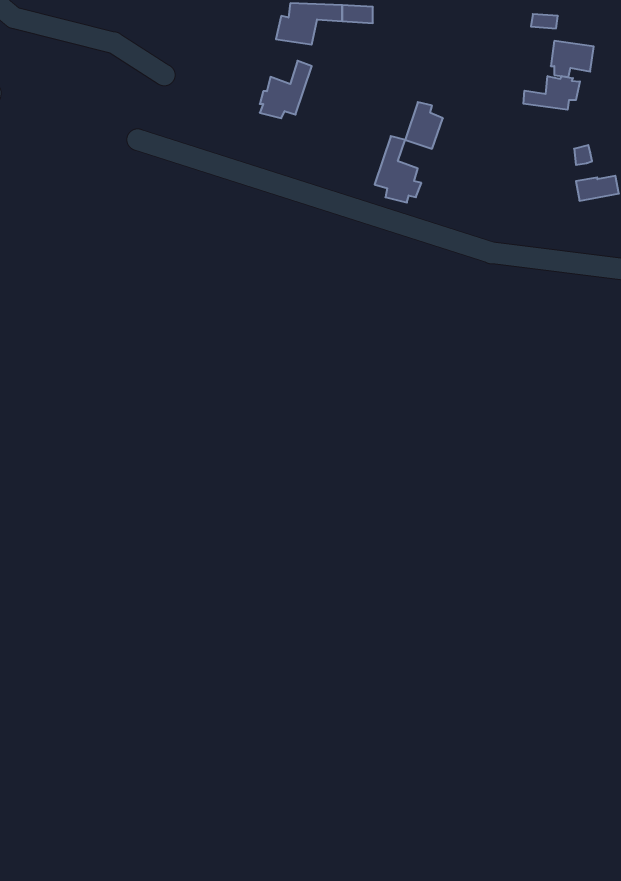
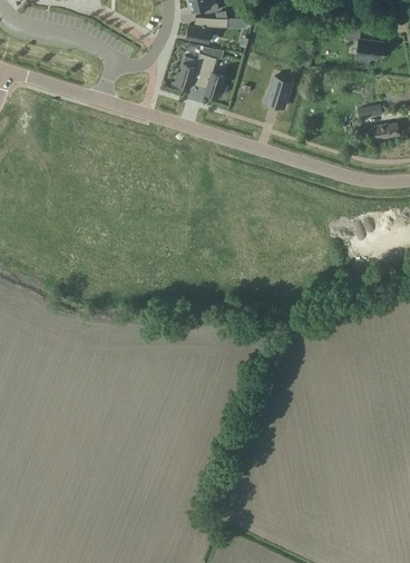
building: [523,76,580,110] -> none
building: [375,136,421,203] -> [198,57,227,98]

